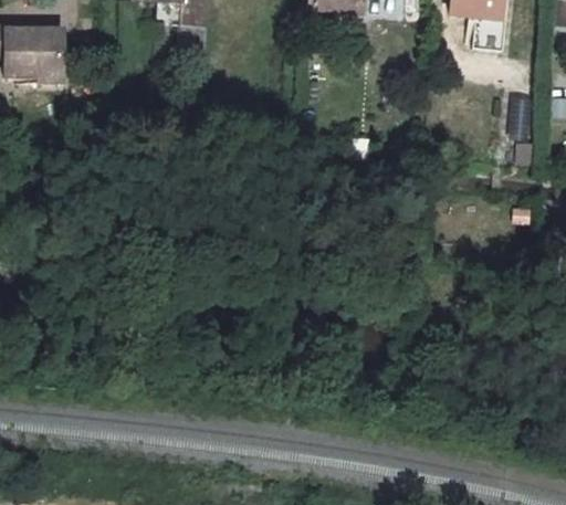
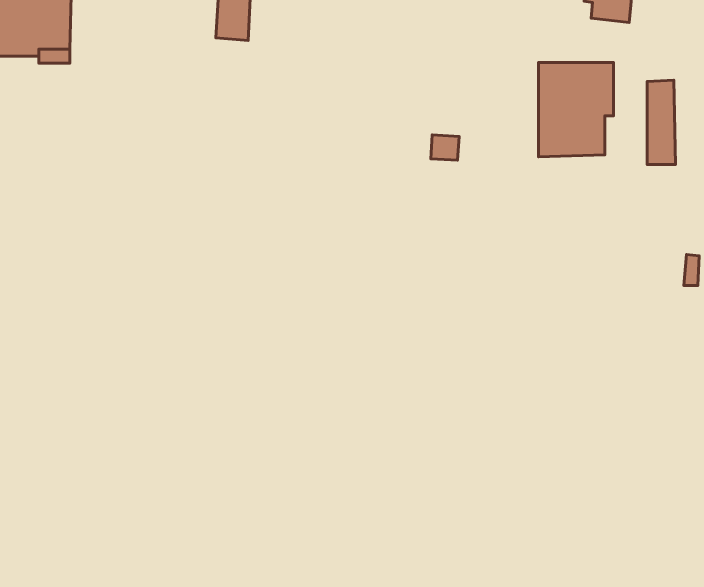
building: none -> [538,62,614,157]

